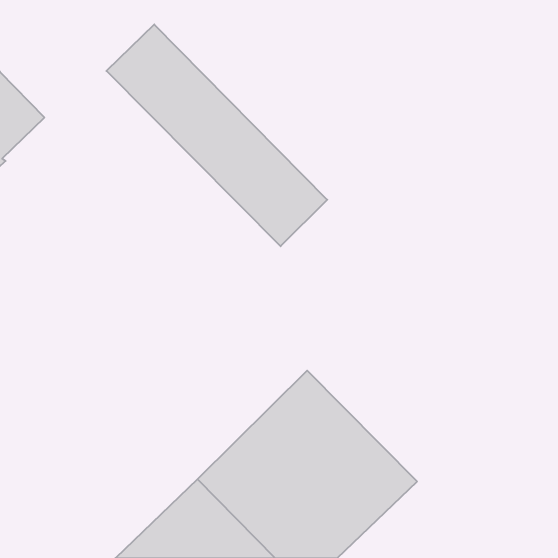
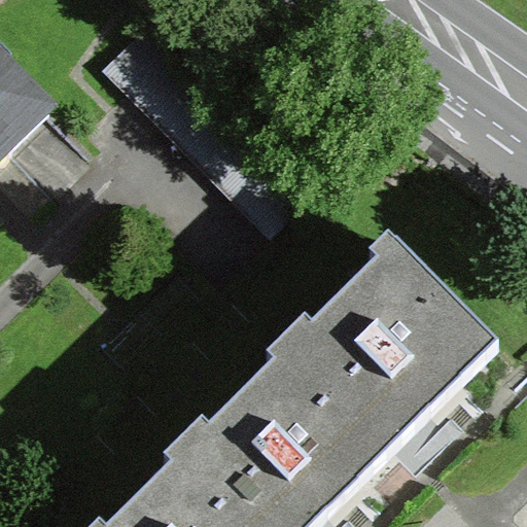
building: none -> [285,241,491,447]

